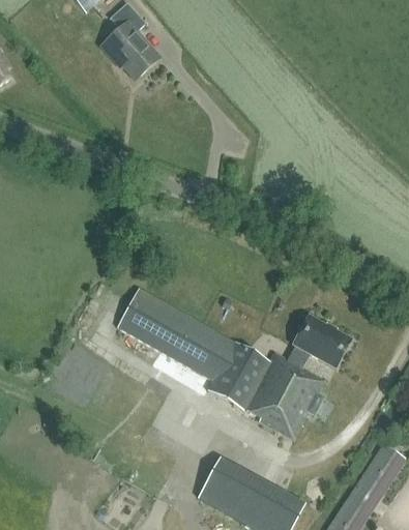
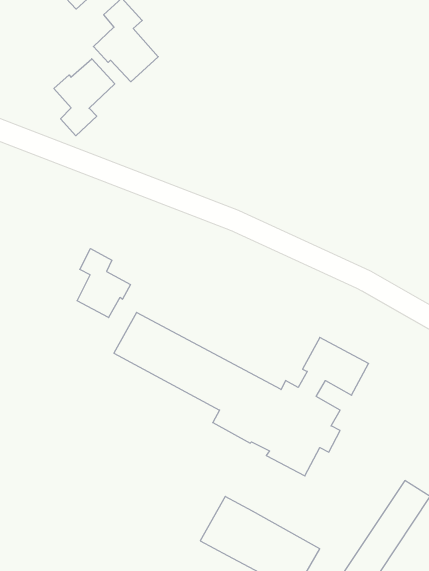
building: none -> [54,59,115,136]
building: none -> [77,249,130,318]

